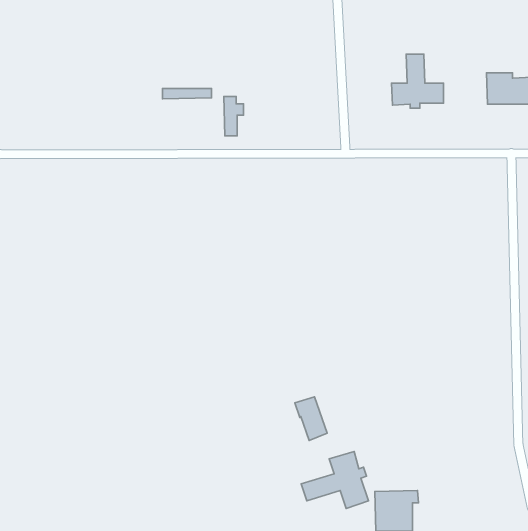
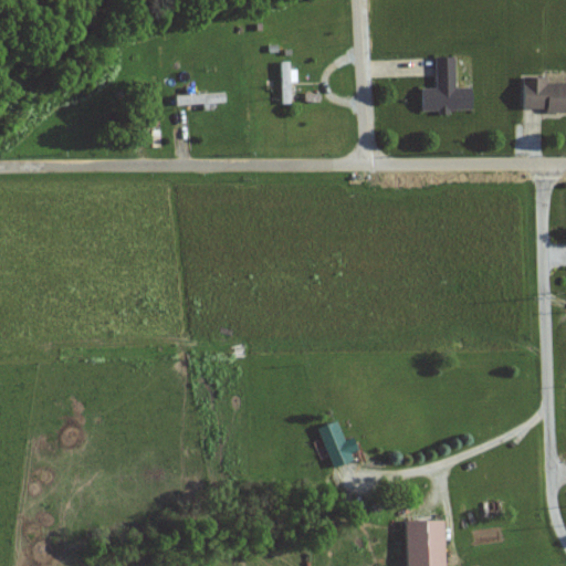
building: [224,96,243,136] -> [281,62,302,104]
building: [301,451,369,509] -> none

